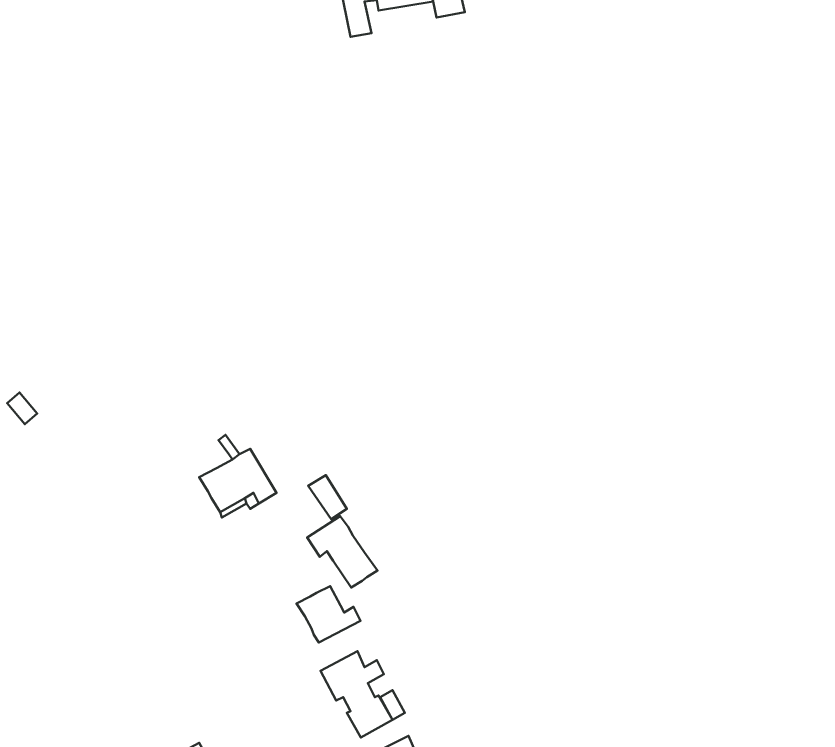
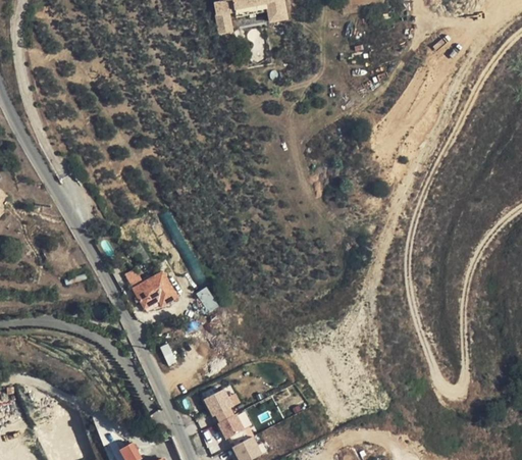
building: [307,516,378,587] -> none
building: [297,586,361,642] -> none

